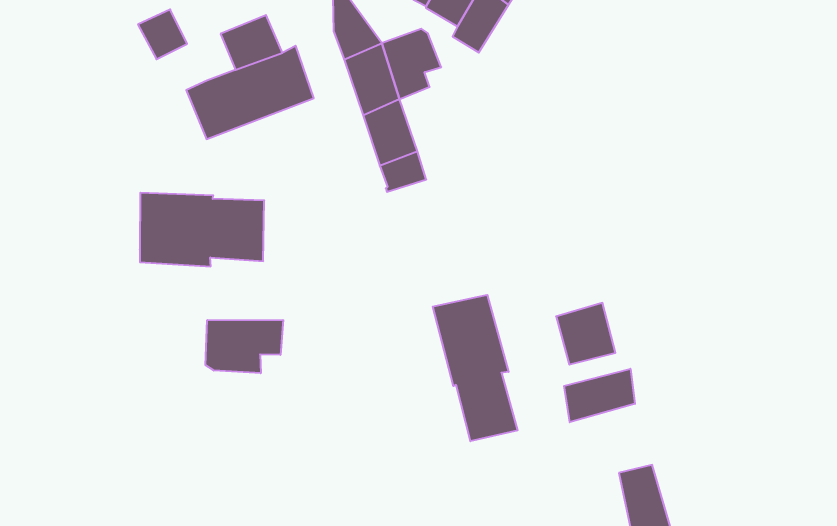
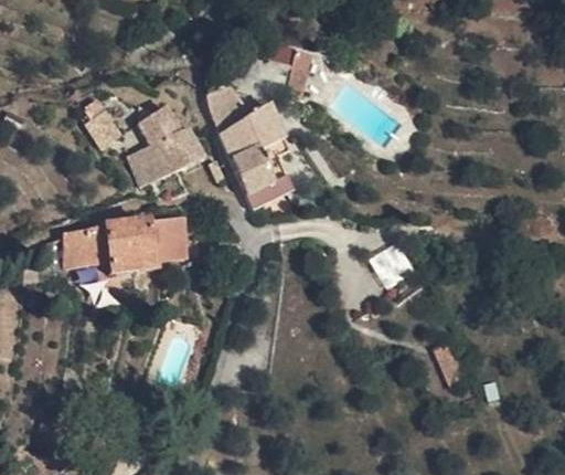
building: none -> [61,222,110,273]
building: [433,295,518,441] -> none
building: [206,320,283,373] -> none
building: [564,369,635,422] -> none

